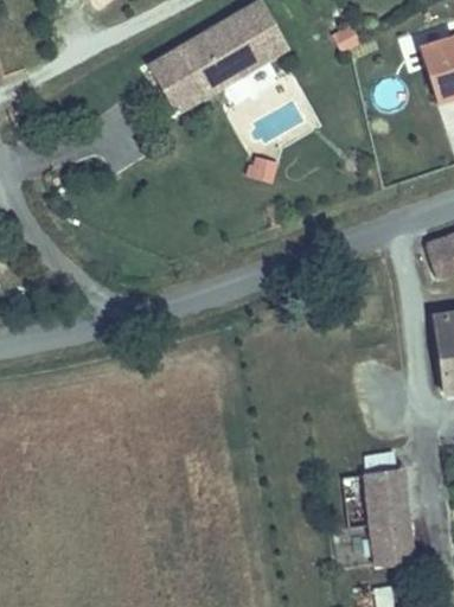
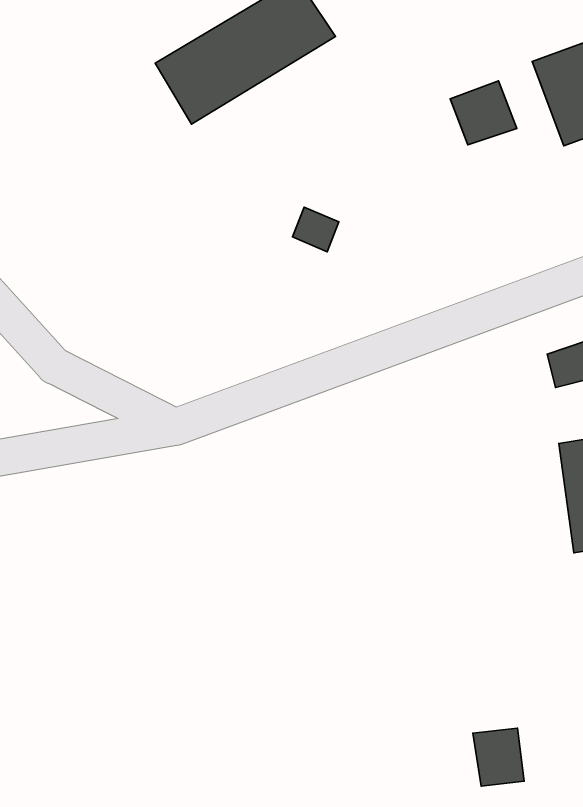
building: none -> [450,81,517,145]
building: [367,479,405,528] -> none

